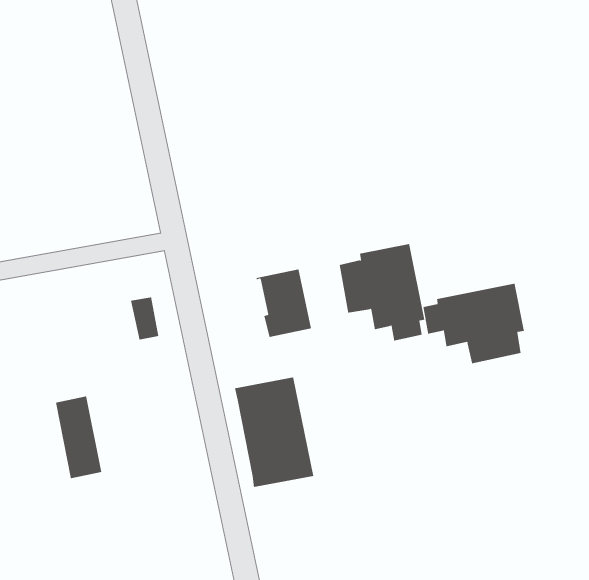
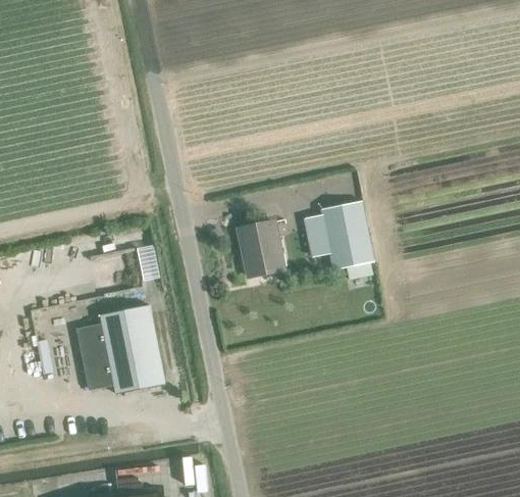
building: [423,283,524,364] -> none
building: [234,377,314,487] -> [100,305,164,394]

